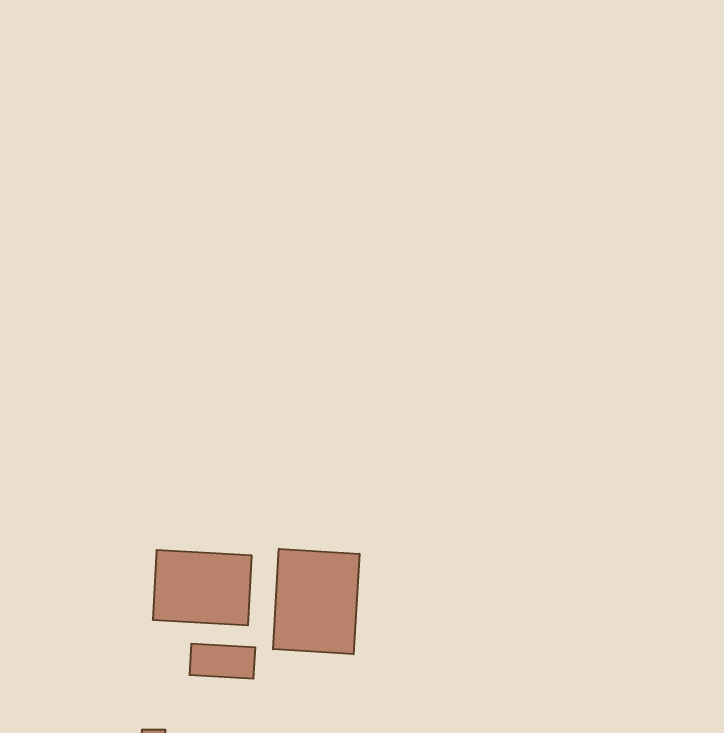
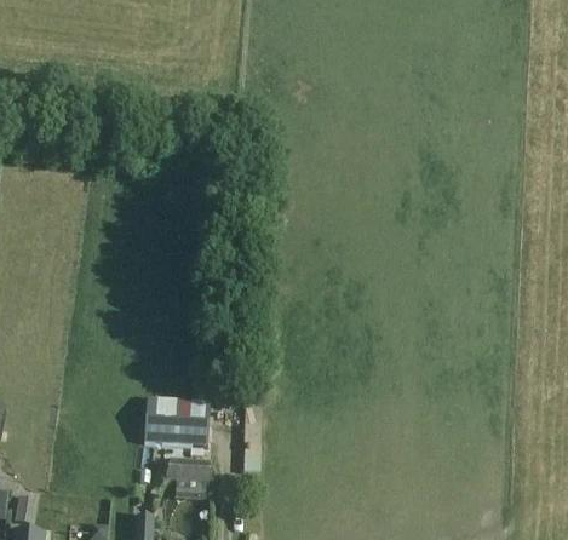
building: [273,549,359,654] -> none

